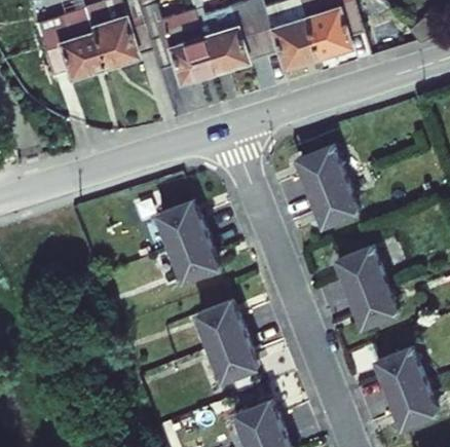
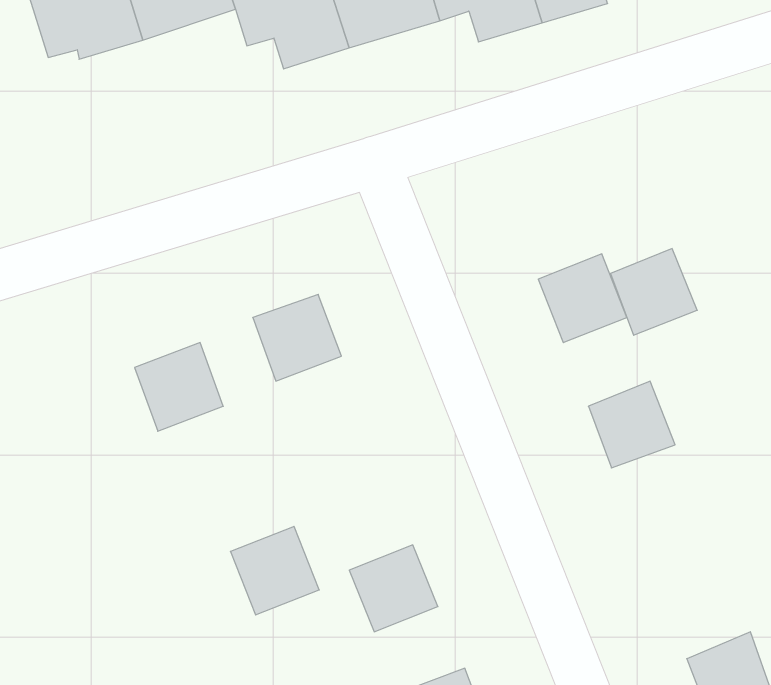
building: [299,147,345,193] -> [610,249,697,335]
building: [172,234,219,282] -> [135,343,223,431]
building: [350,282,398,328] -> none
building: [197,301,245,348] -> [230,526,319,615]
building: [377,349,424,396] -> none

